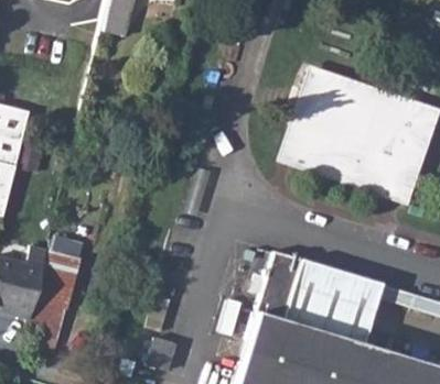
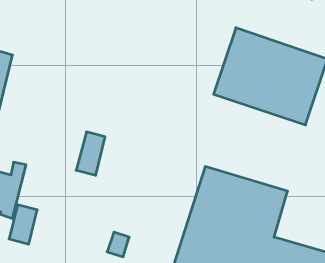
building: [37,255,75,311] -> [76,132,105,175]

